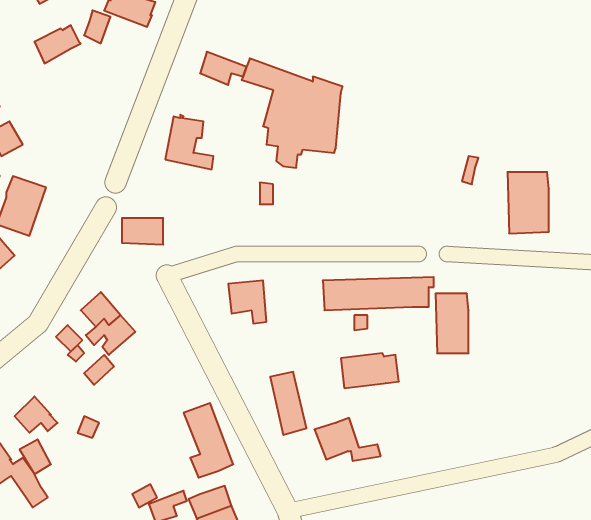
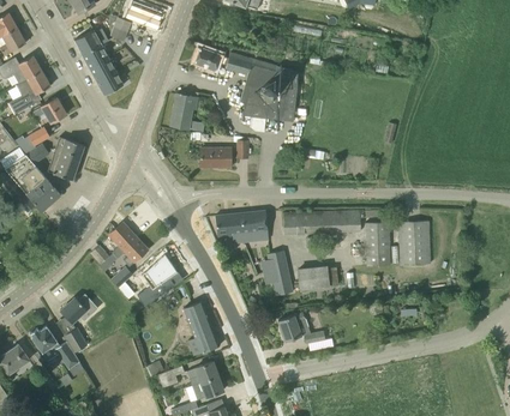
building: none -> [82,44,122,95]
building: [507,172,549,233] -> [398,221,428,265]
building: [122,218,163,245] -> [200,147,230,167]
building: none -> [240,210,268,242]
building: none -> [137,253,176,306]
building: [270,372,306,435] -> [265,248,292,294]

